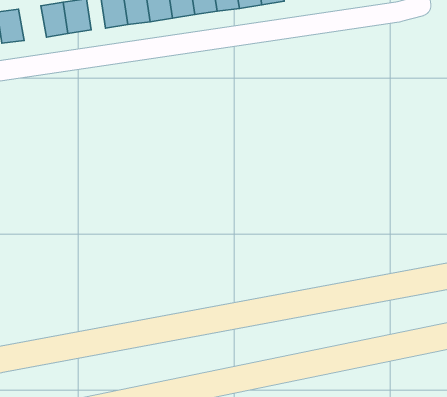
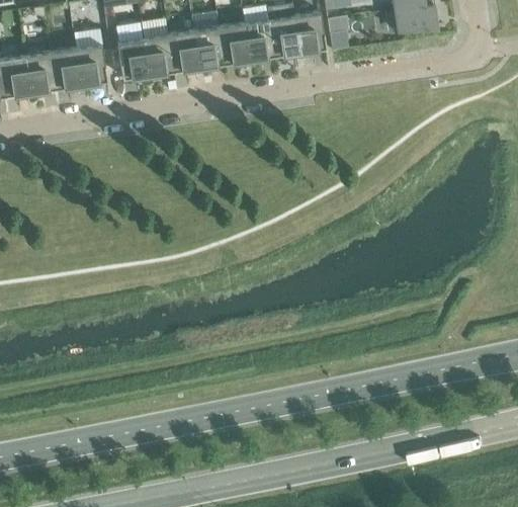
building: none -> [23,55,55,94]

